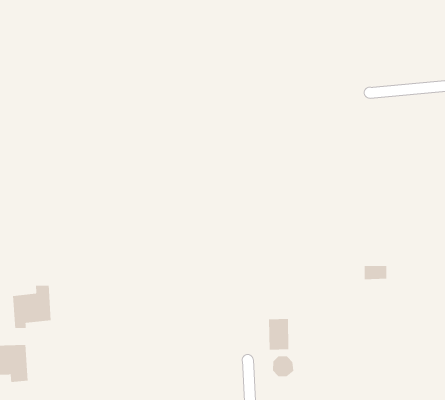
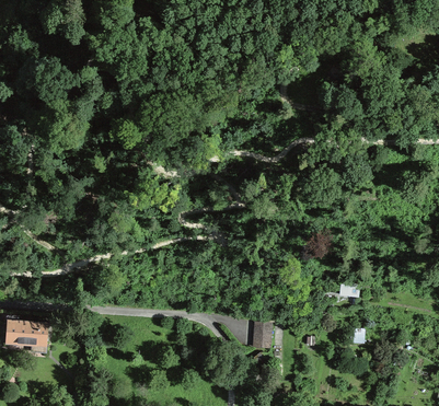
building: [13,285,51,329] -> none

